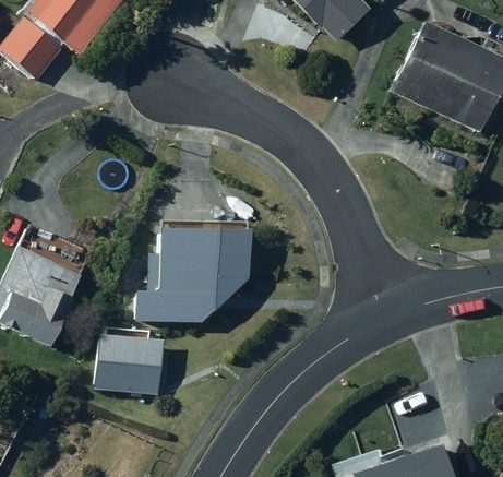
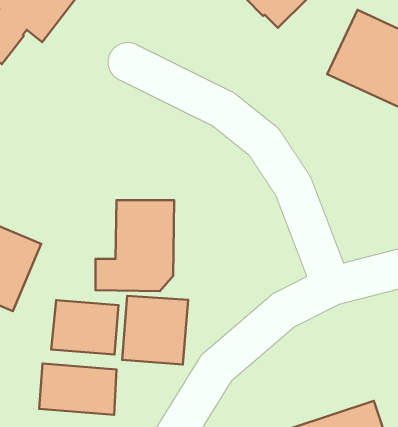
building: none -> [122,296,188,365]
building: none -> [39,364,116,415]

